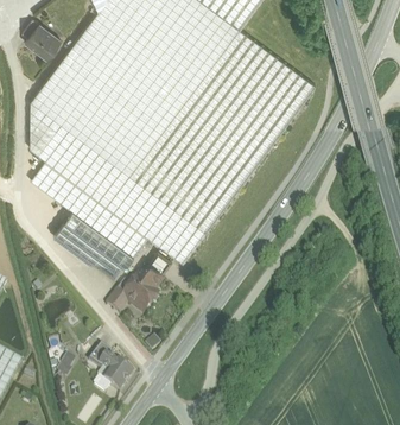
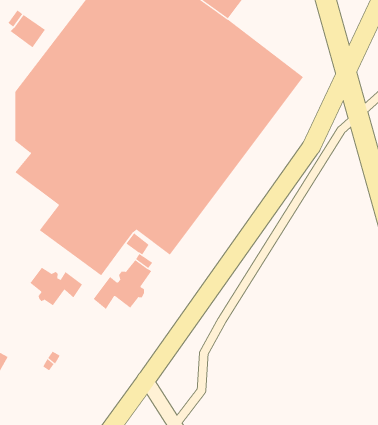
building: none -> [30,267,83,306]
building: [89,342,134,389] -> none

